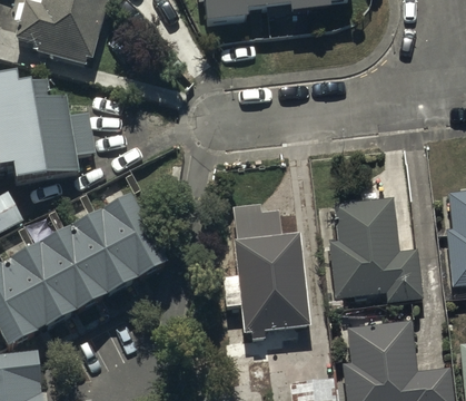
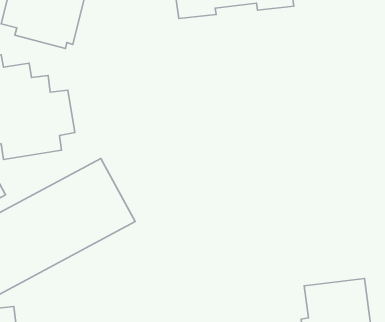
building: [329,197,424,302] -> none
building: [234,231,310,331] -> none

